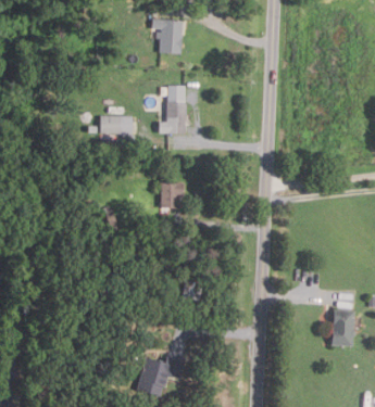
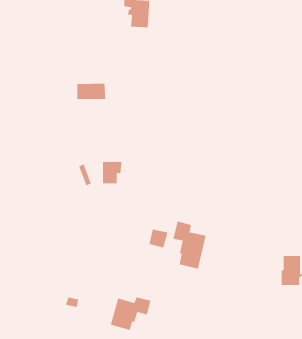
building: [160,86,185,133] -> none
building: [161,182,184,208] -> [102,161,122,184]
building: none -> [172,221,206,269]

